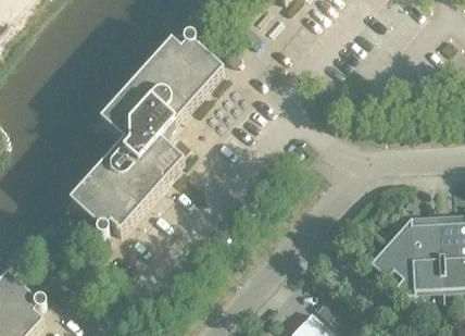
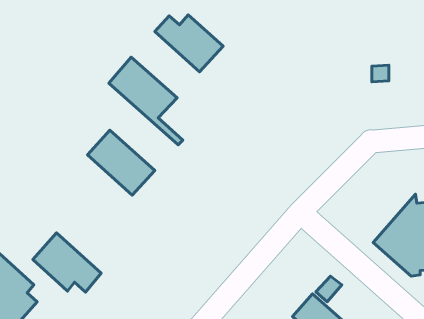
building: [135,52,201,116] -> none
building: [100,102,180,187] -> none
building: [70,172,136,229] -> [33,233,101,292]

